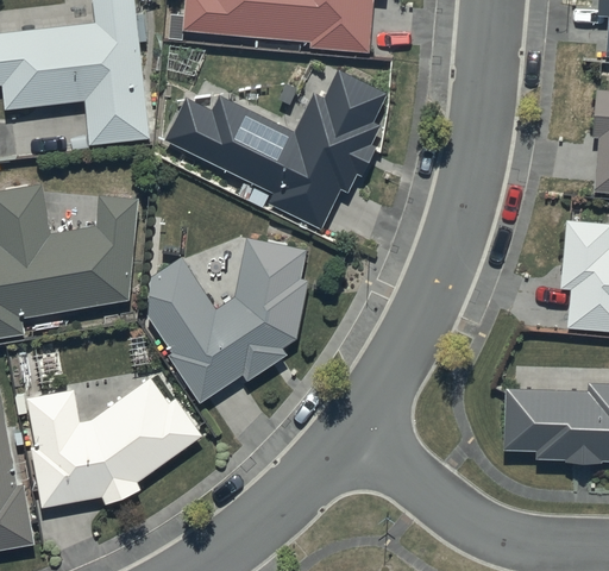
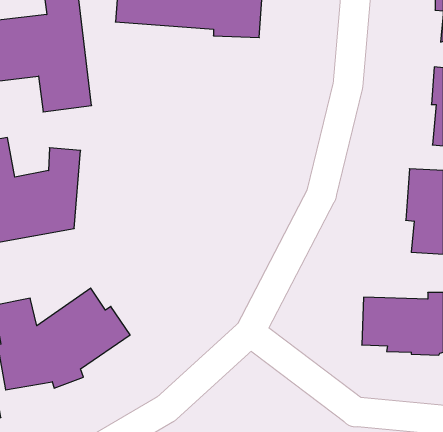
building: [163,69,385,230] -> none
building: [146,238,308,403] -> none

